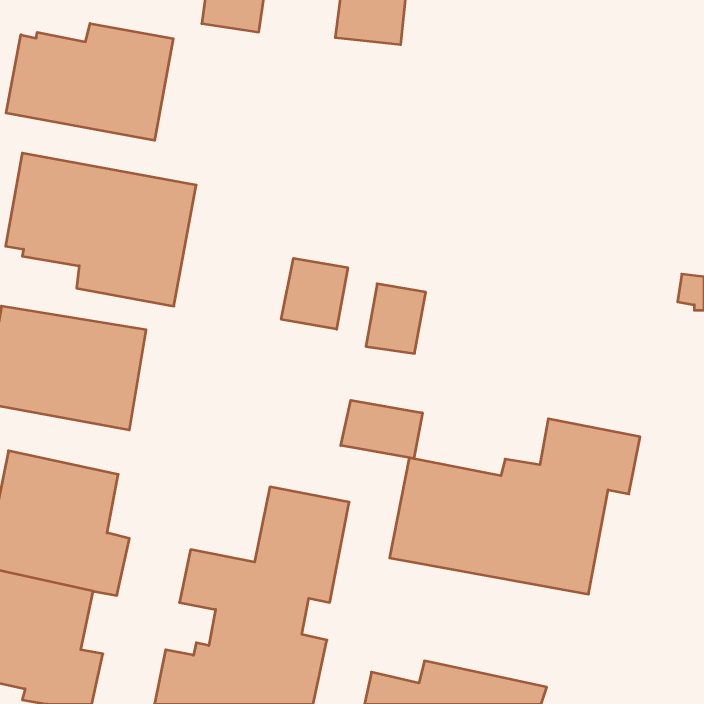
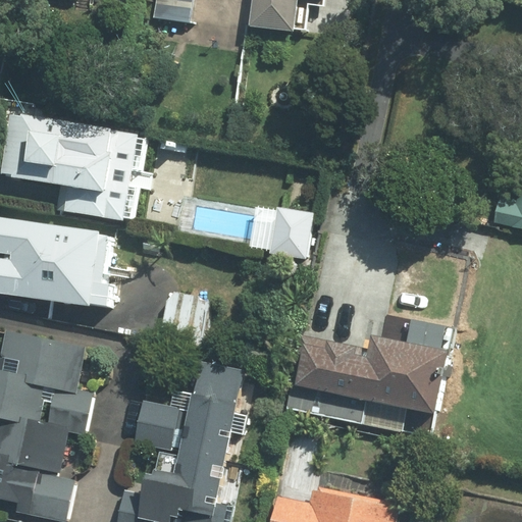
building: [6,23,173,140] -> none
building: [281,258,348,329] -> none
building: [341,400,422,459] -> none

